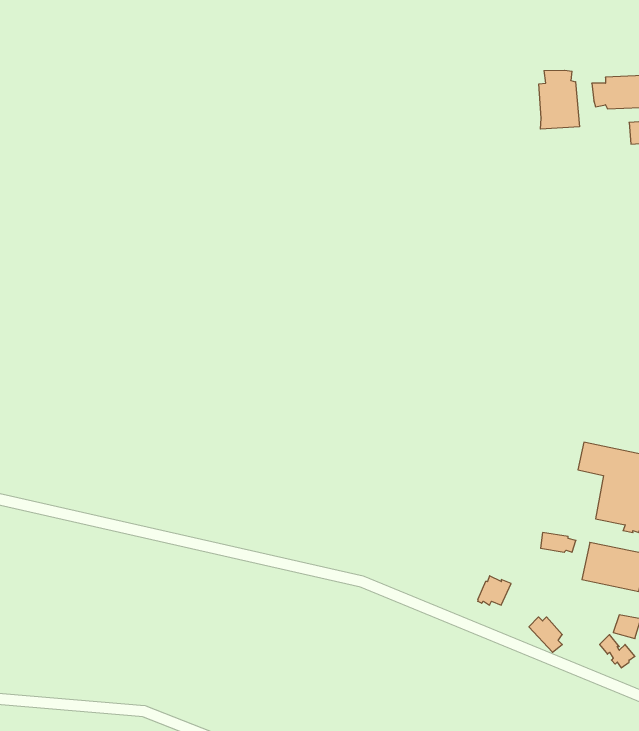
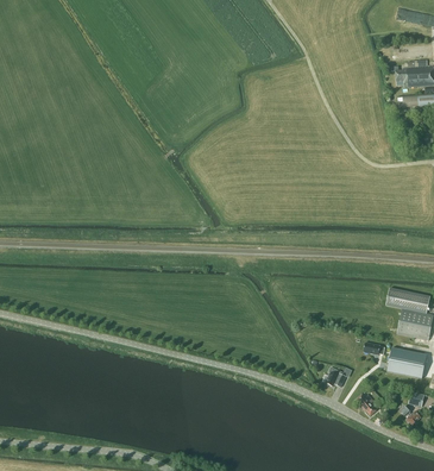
building: [539,70,579,129] -> none

